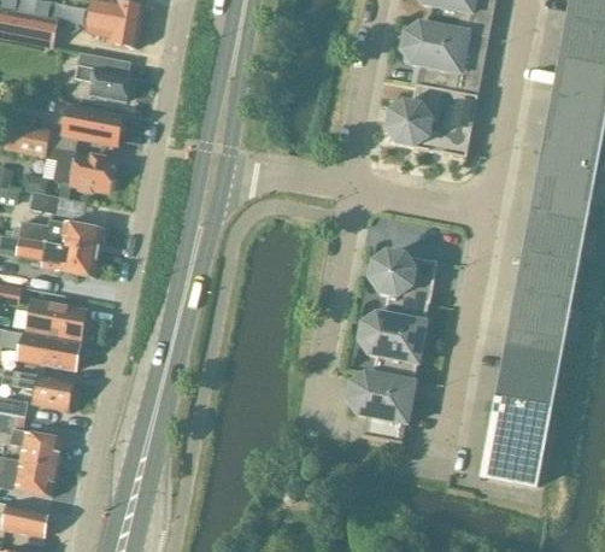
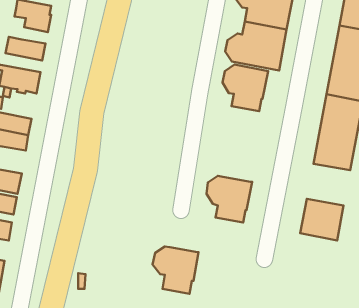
building: [369,252,436,321] -> [222,64,268,111]
building: [506,294,570,356] -> none
building: [346,372,413,442] -> [153,246,198,294]
building: [482,397,551,485] -> none

